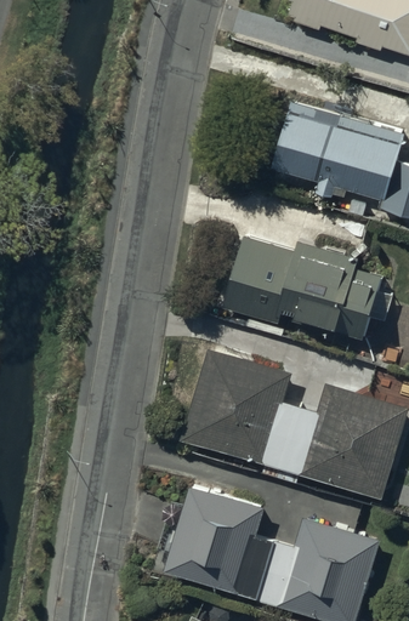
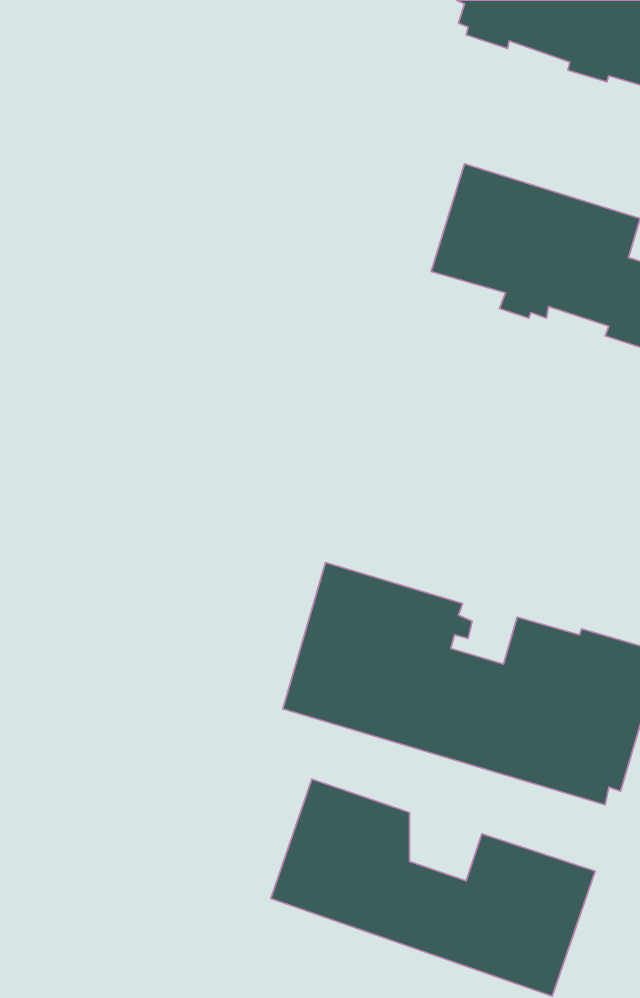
building: [223,234,392,341] -> none

